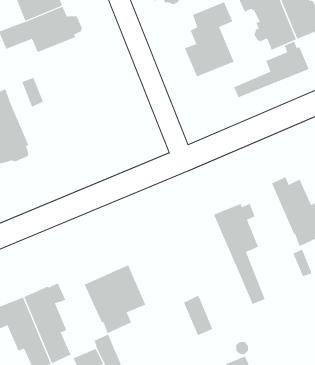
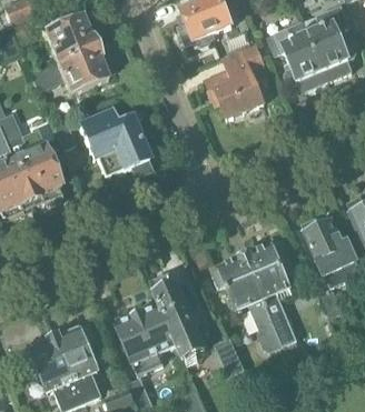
building: [233,41,310,98] -> none
building: none -> [79,112,151,177]
building: none -> [213,254,283,351]
building: none -> [149,271,209,360]

